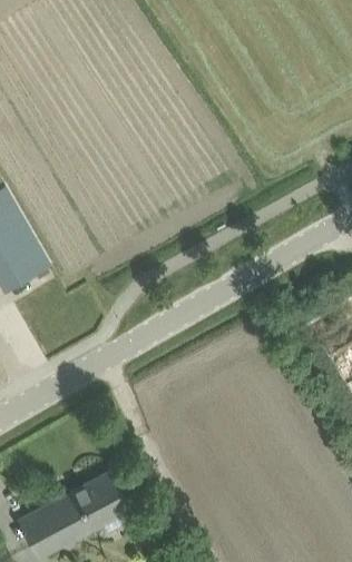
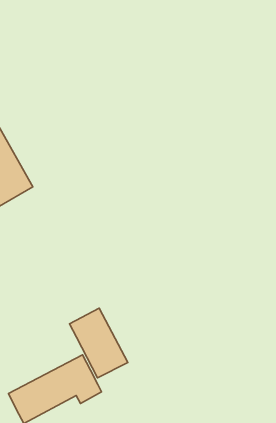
building: none -> [70,308,128,378]

